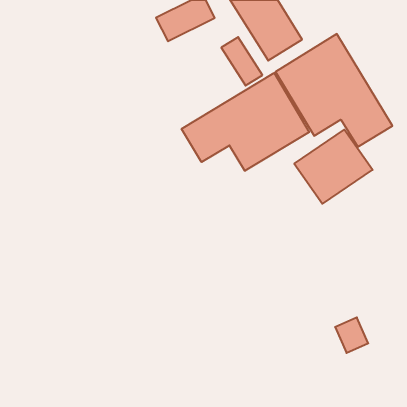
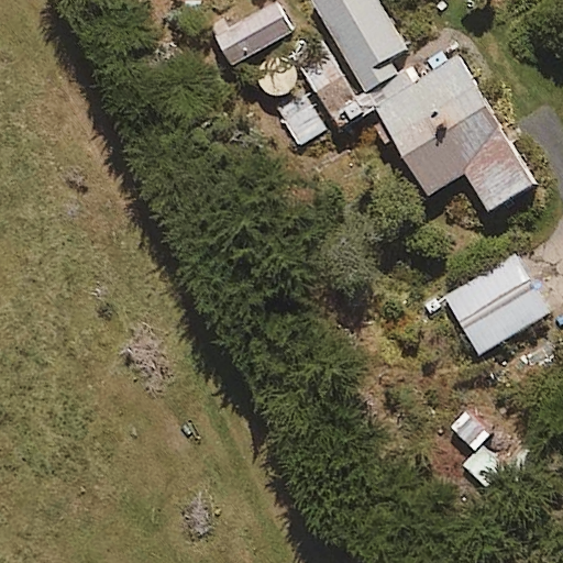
building: [182,73,309,171] -> none
building: [294,130,373,204] -> [442,255,549,356]

